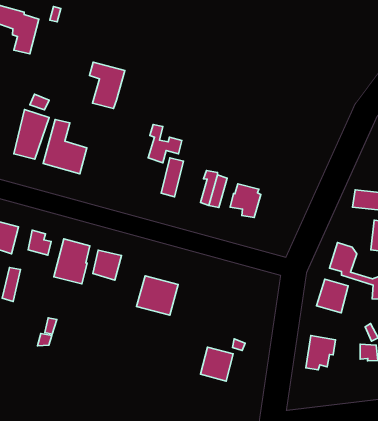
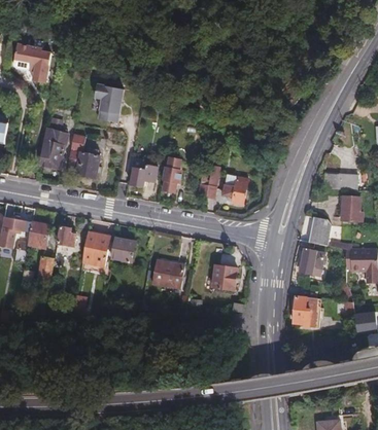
building: [148,125,182,163] -> [129,157,156,188]
building: [200,347,233,381] -> [211,264,237,291]

